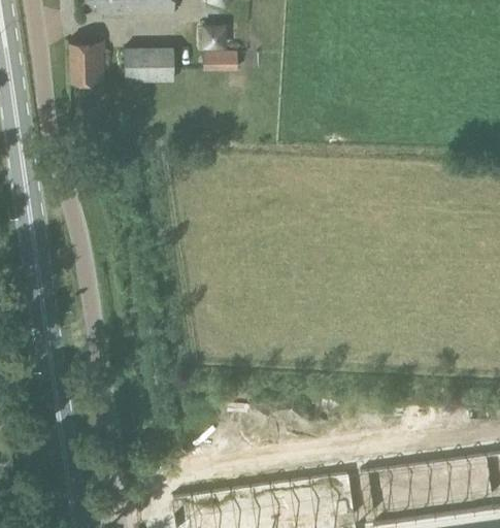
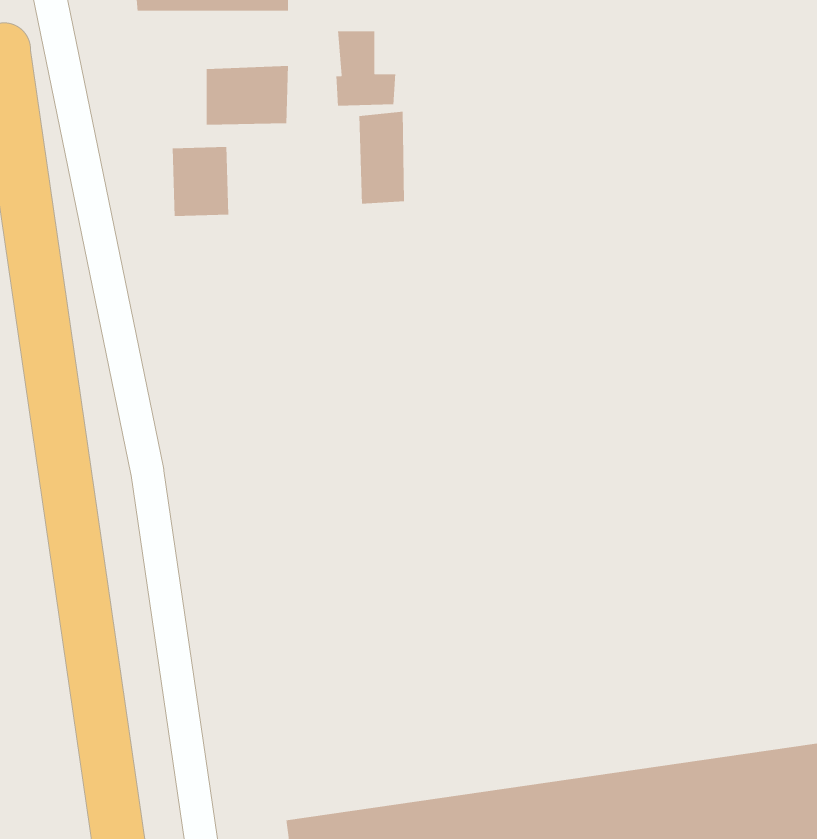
building: [71,42,105,85] -> [172,146,229,217]
building: none -> [358,111,405,205]

